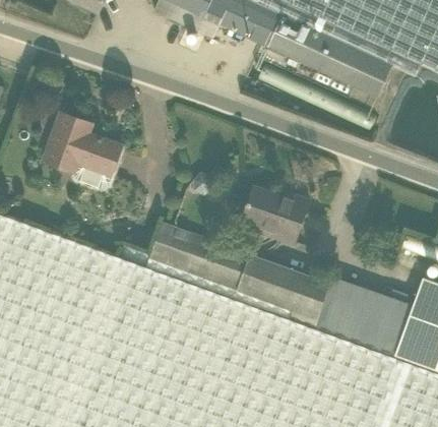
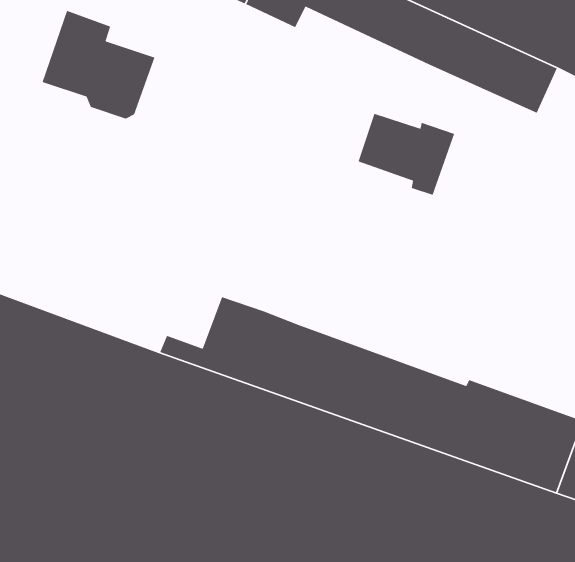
building: [45,112,123,187] -> [41,10,155,119]
building: [243,186,310,243] -> [357,113,455,196]

